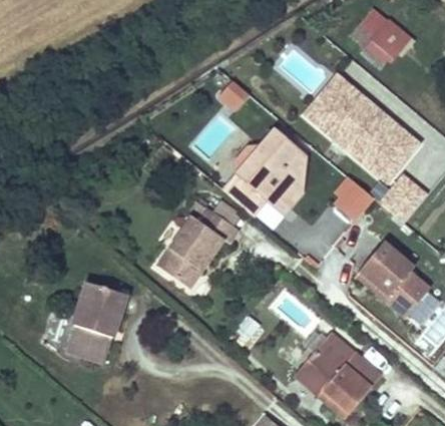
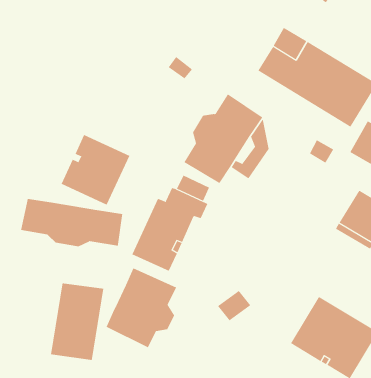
building: none -> [61,134,130,205]
building: none -> [20,198,123,247]
building: none -> [106,268,177,348]

